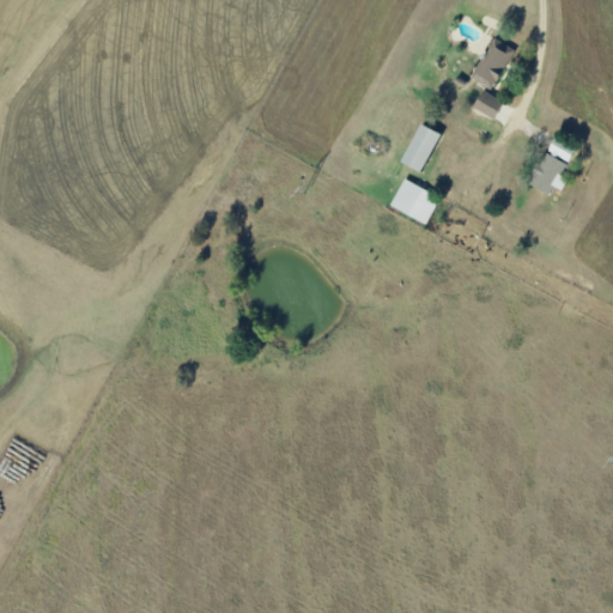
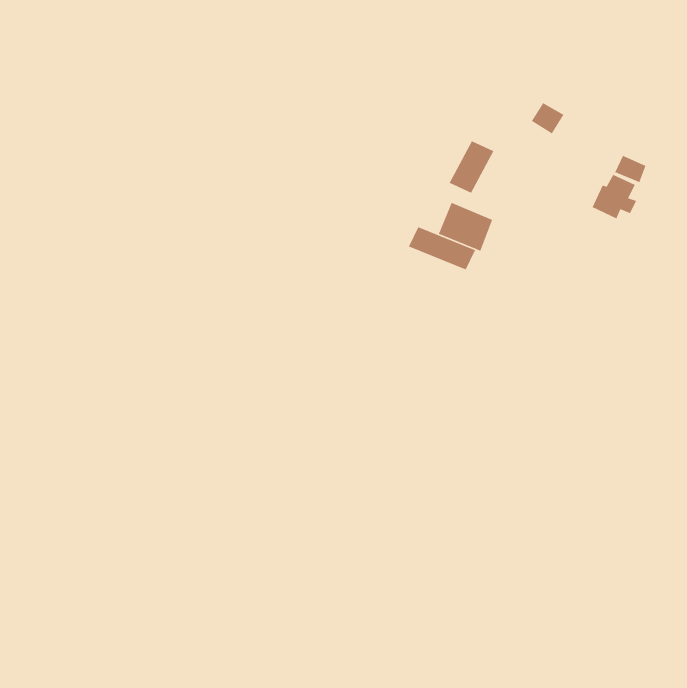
building: [469,37,514,90] -> none
building: none -> [408,226,476,270]

